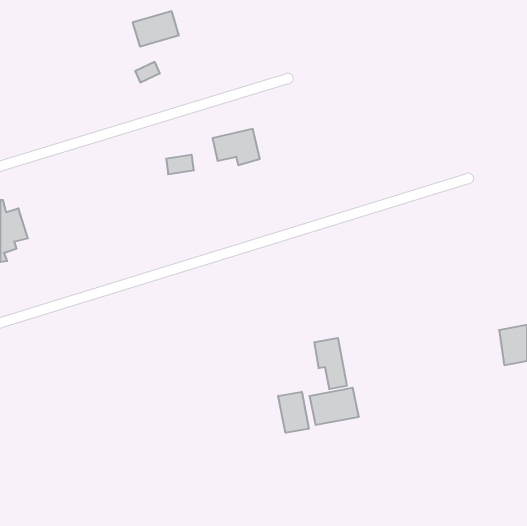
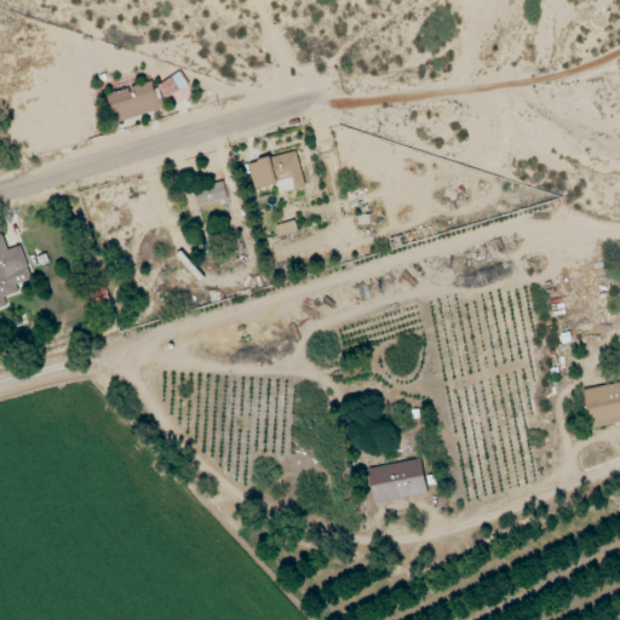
building: [133,11,179,46] -> [108,81,162,122]
building: [315,338,347,389] -> none
building: [278,392,309,433] -> none

